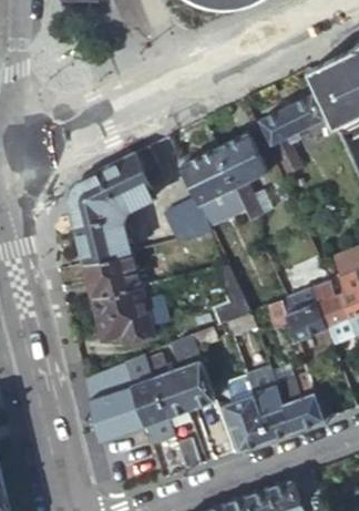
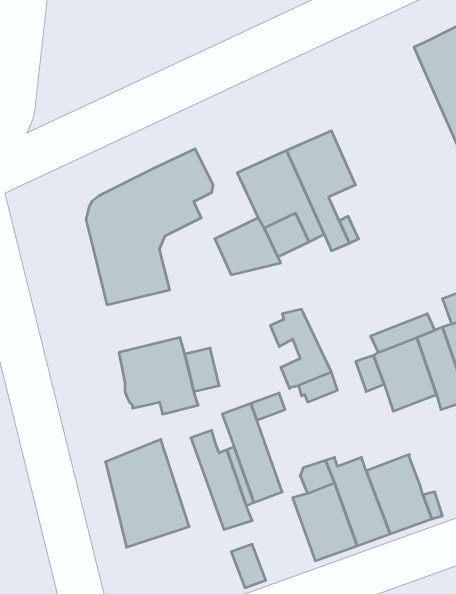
building: [260,94,326,175] -> none
building: [84,251,139,297] -> none
building: [124,354,173,443] -> none

